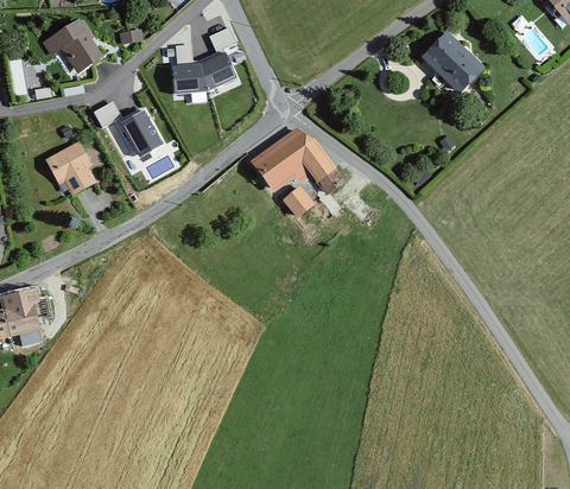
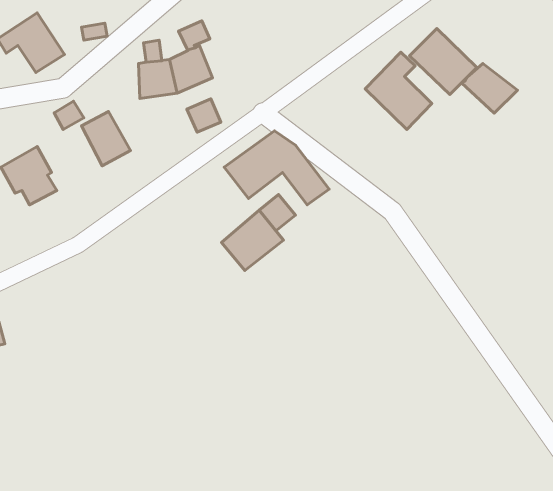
building: none -> [365,52,432,130]
building: none -> [462,64,518,113]
building: none -> [187,99,221,132]
building: none -> [221,210,284,270]

